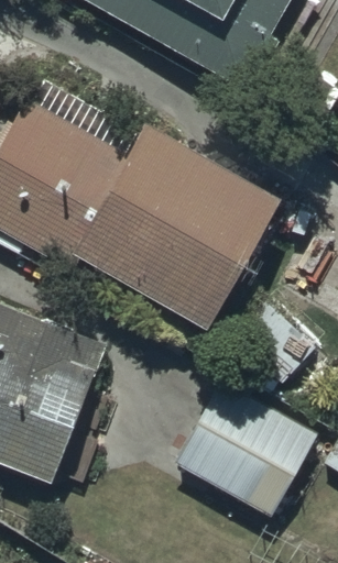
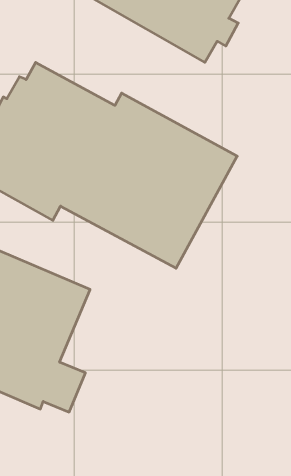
building: [175,378,317,522] -> none

